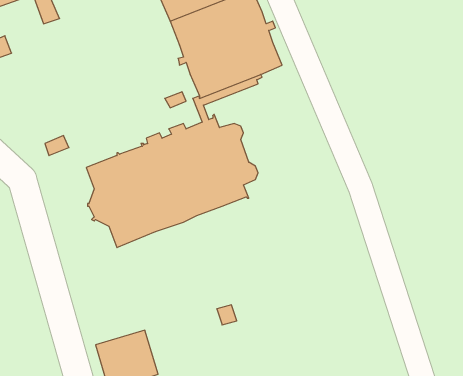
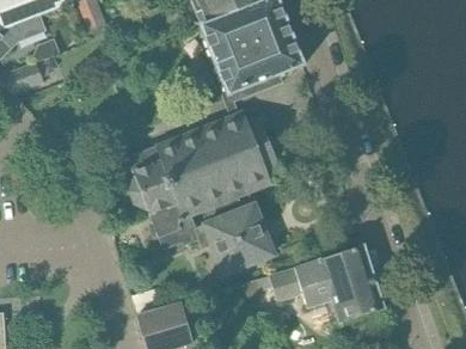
building: none -> [154,200,272,274]
building: none -> [268,245,382,323]

